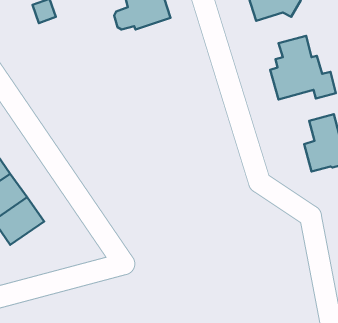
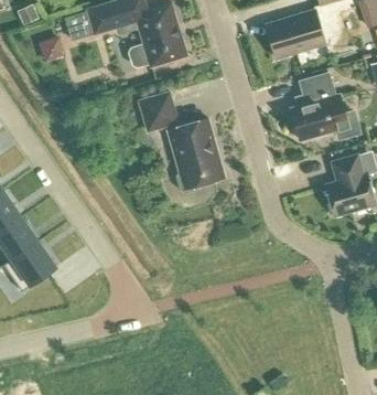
building: none -> [139,92,225,192]

